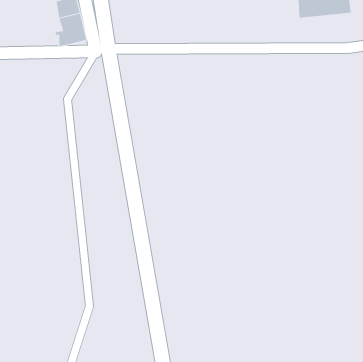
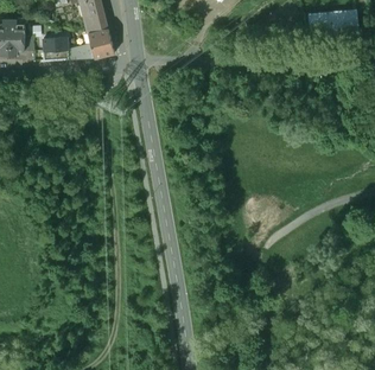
building: none -> [40,39,87,63]

